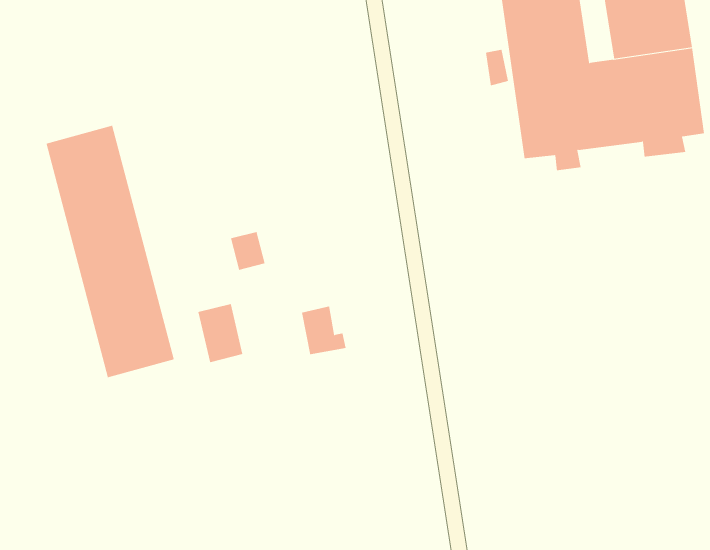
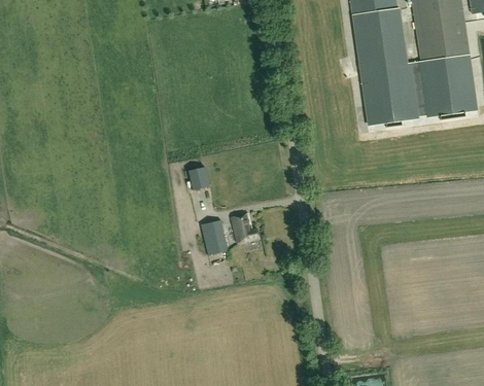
building: [46,125,174,378] -> none
building: [198,304,243,363] -> [201,219,229,255]

